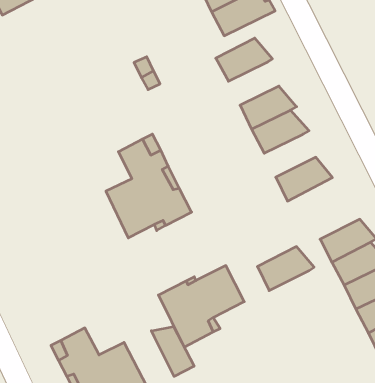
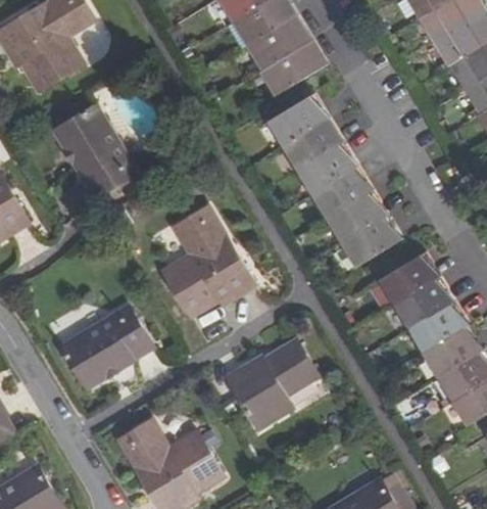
building: none -> [56,105,136,196]
building: none -> [284,120,343,168]
building: none -> [328,193,388,241]
building: none -> [61,306,152,387]
building: [257,247,314,291] -> [380,255,440,304]
building: [151,326,194,376] -> none

